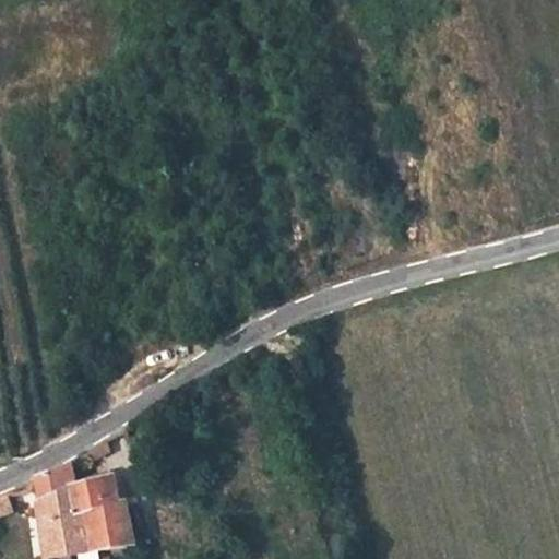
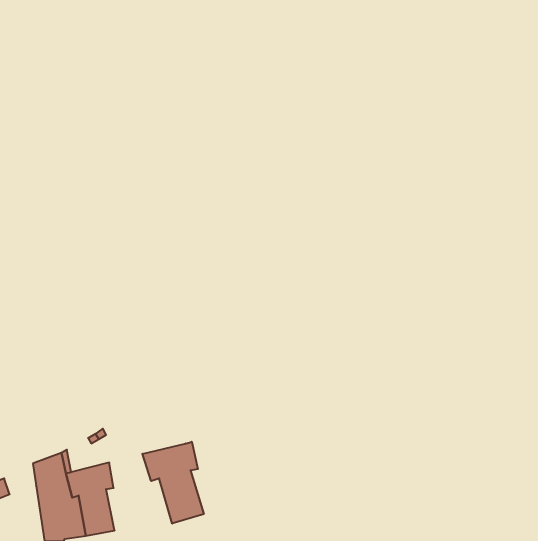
building: none -> [142,442,204,524]

